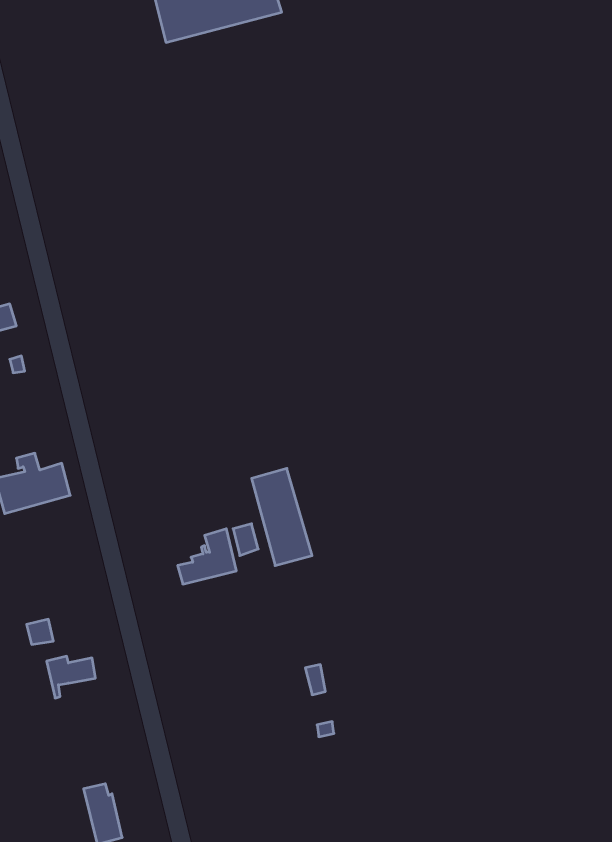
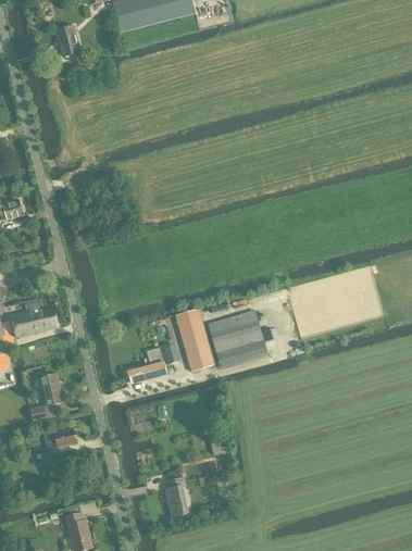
building: none -> [55,26,79,55]
building: none -> [208,310,266,367]
building: none -> [39,373,62,405]
building: none -> [165,477,187,516]

